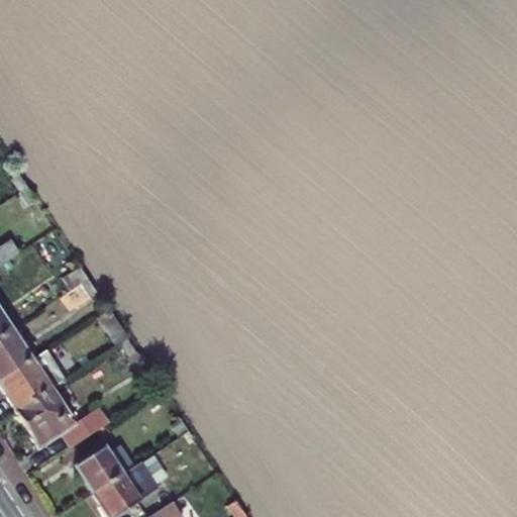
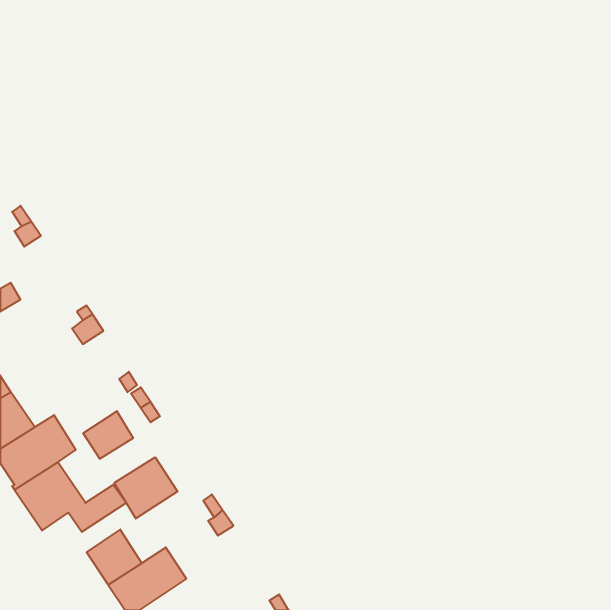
building: none -> [83,411,133,459]
building: none -> [114,457,177,519]

